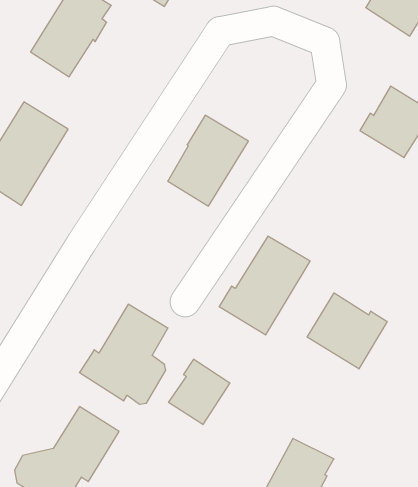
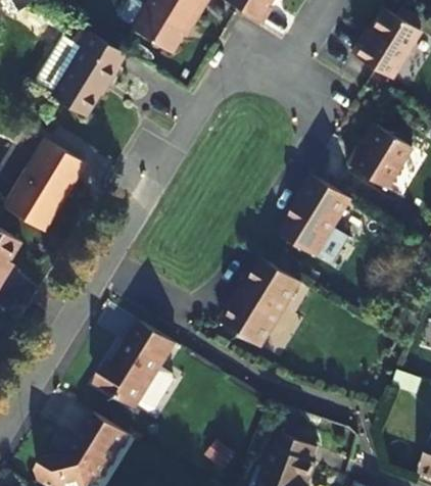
building: [168,115,248,206] -> [282,177,354,258]
building: [307,293,387,369] -> none
building: [169,359,230,425] -> none

